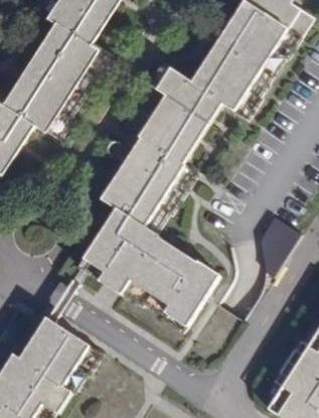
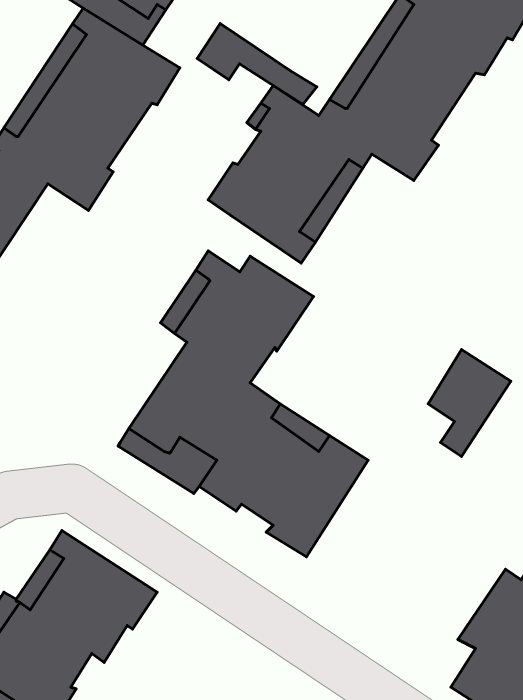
building: [128,136,196,182] -> [197,23,317,104]

